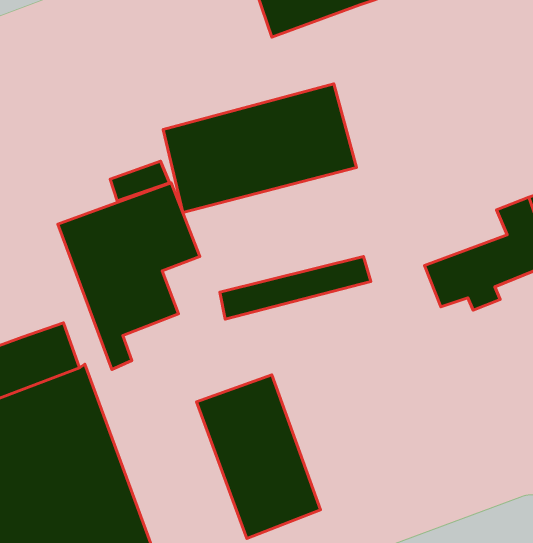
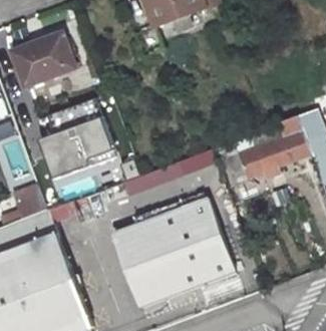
building: none -> [11,33,74,88]
building: [163,84,357,213] -> none
building: none -> [153,198,233,292]

